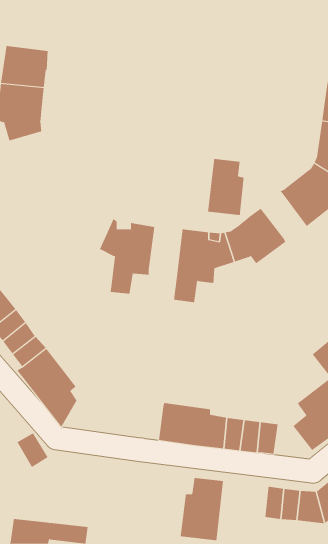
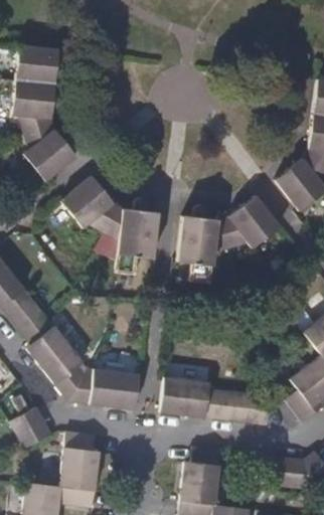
building: none -> [20,124,75,182]
building: [207,158,244,216] -> none
building: none -> [60,176,118,234]
building: none -> [69,370,140,410]
building: none -> [58,435,99,495]

